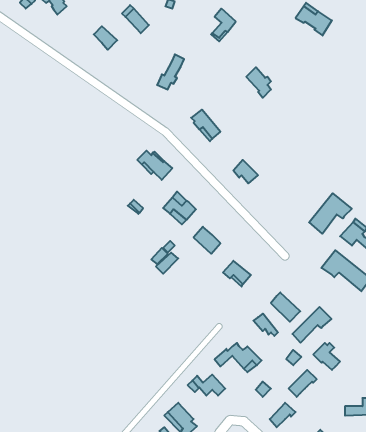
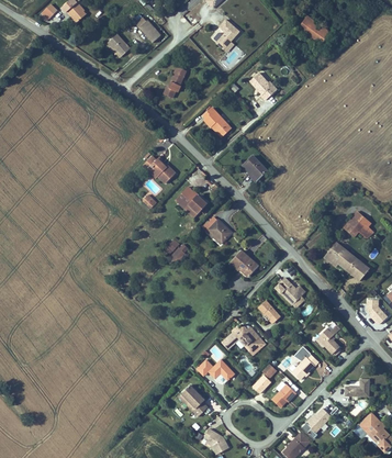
building: [309,193,352,234] -> none
building: [292,307,331,343] -> none

